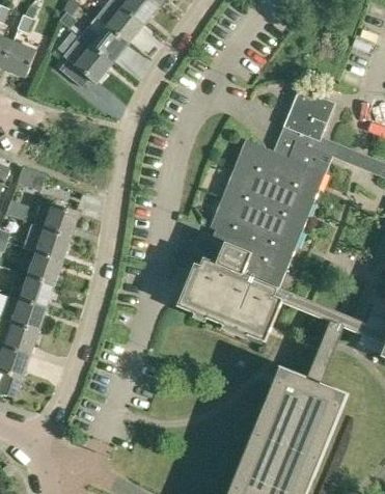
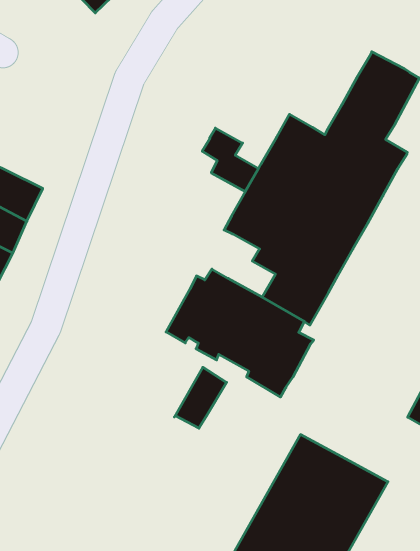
building: [208,228,249,271] -> [202,128,258,192]
building: none -> [174,367,227,428]

